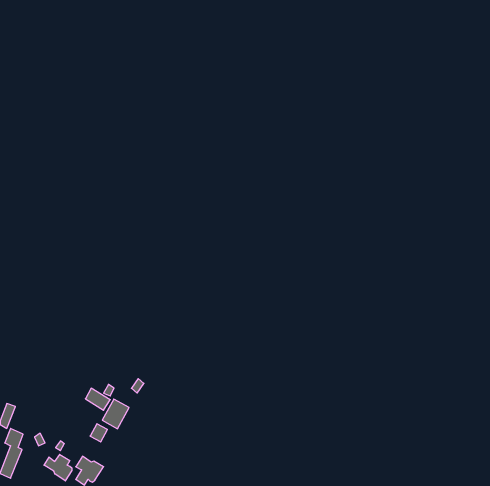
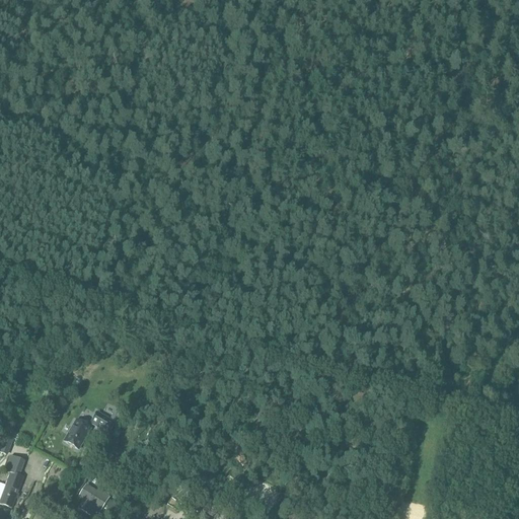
building: [102,399,129,429] -> [63,417,91,448]
building: [44,454,72,481] -> none

